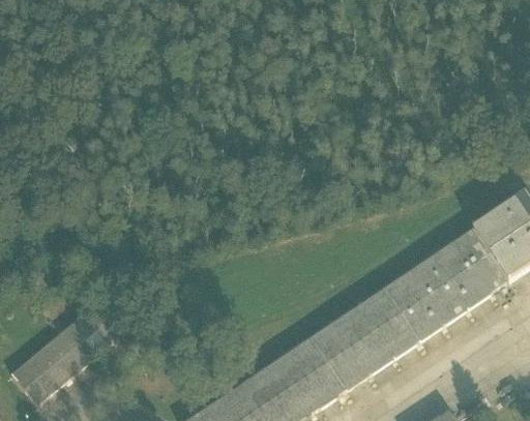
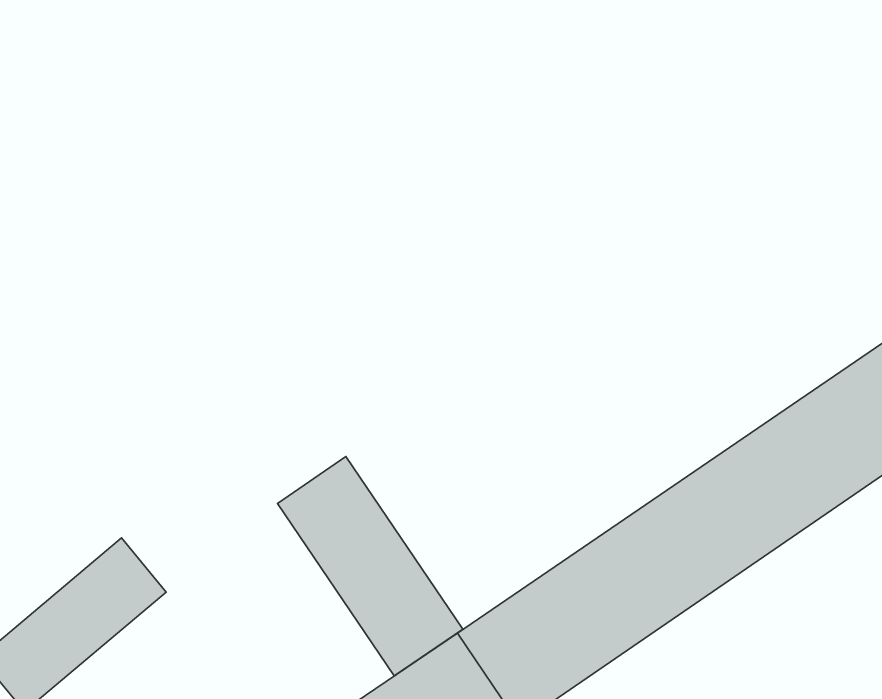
building: none -> [277,457,463,676]

